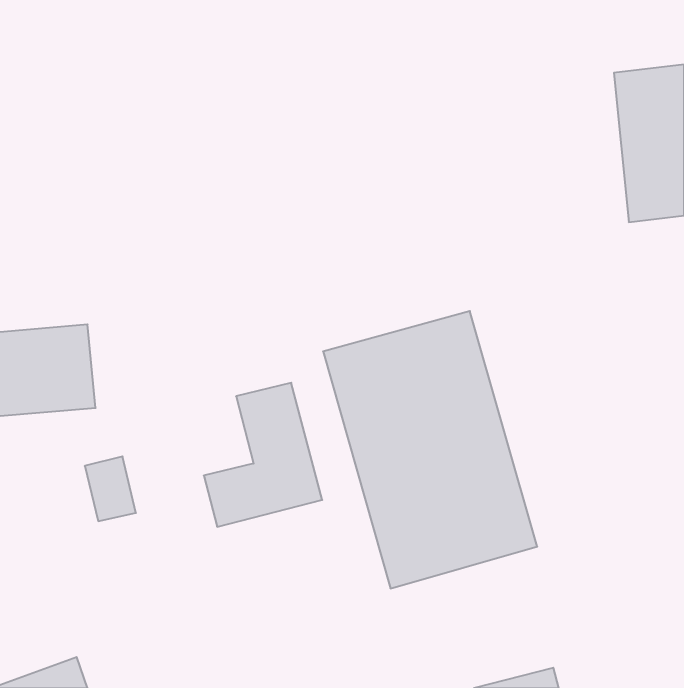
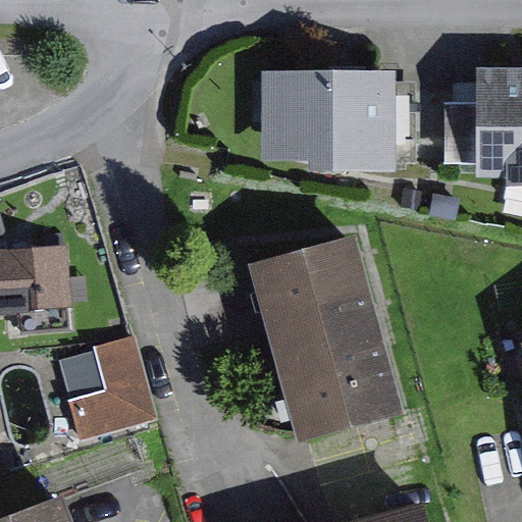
building: none -> [260,73,392,172]
building: [204,383,322,527] -> [70,330,160,439]

